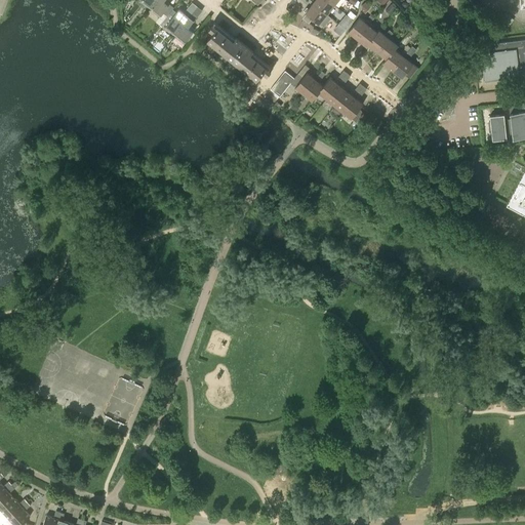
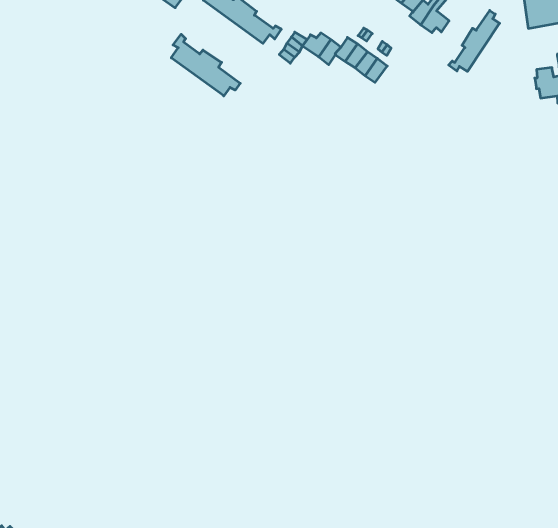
building: none -> [449,10,500,71]
building: none -> [171,34,240,96]

